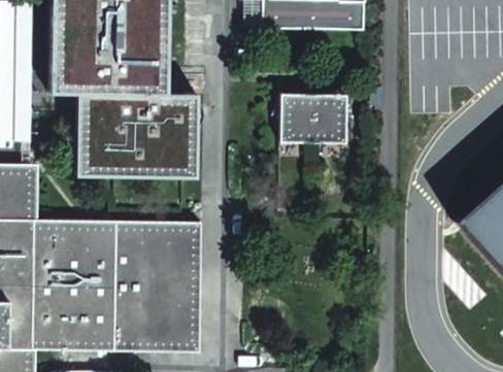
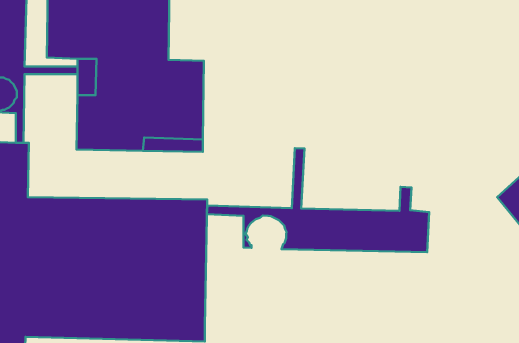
building: [277,93,343,143] -> none
building: none -> [207,148,429,252]

